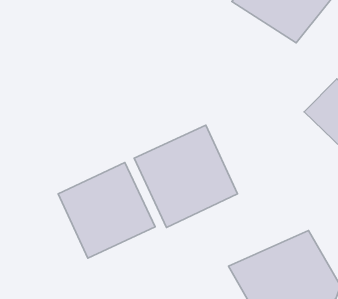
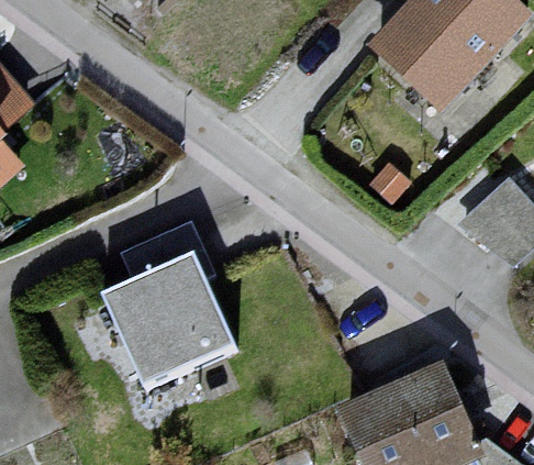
building: [134,125,238,227] -> none

